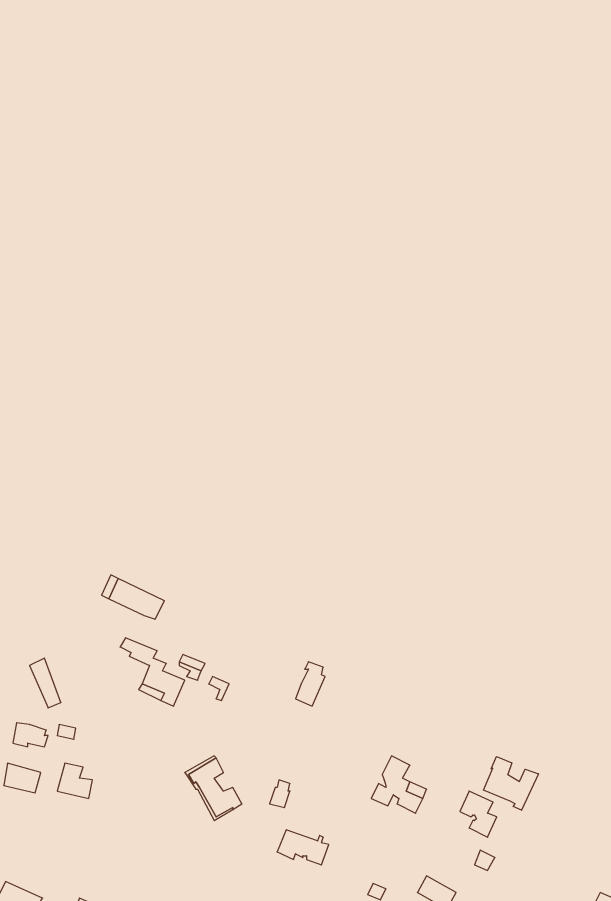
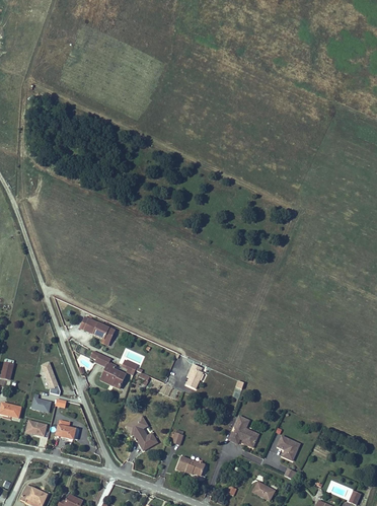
building: [483,757,538,810] -> none

